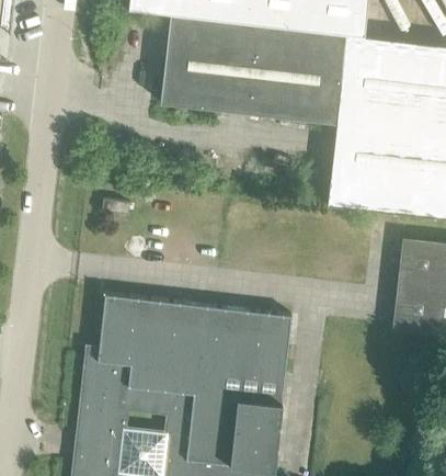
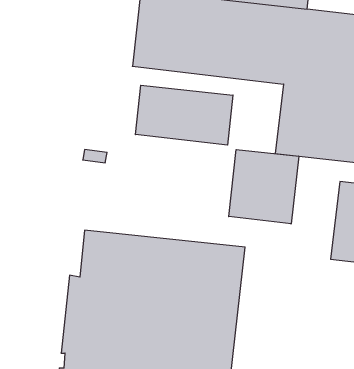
building: none -> [135,85,233,145]
building: none -> [229,150,299,224]

